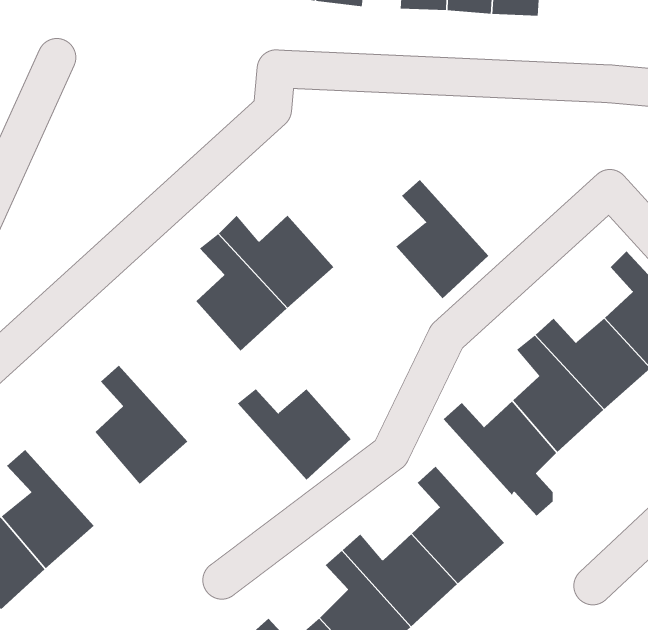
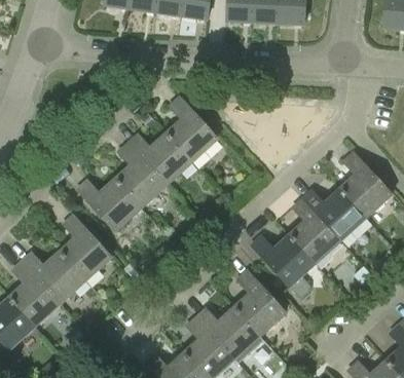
building: [396,179,489,299] -> [166,96,217,161]
building: [237,389,351,480] -> [77,180,140,230]
building: none -> [22,252,84,303]

